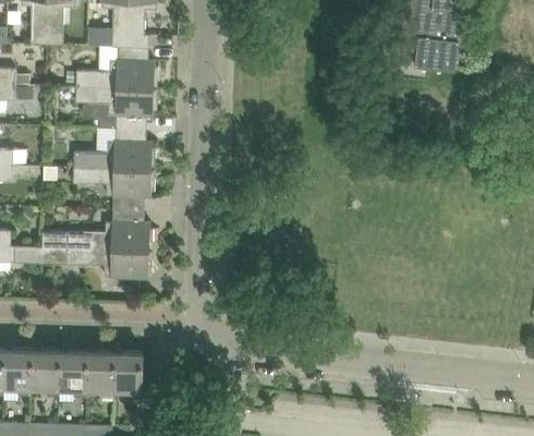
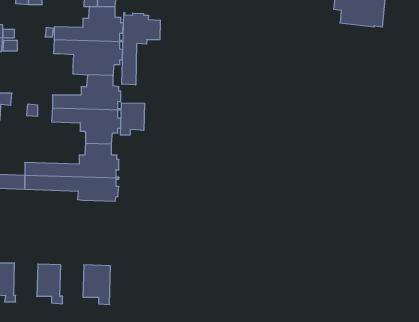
building: none -> [122,13,160,85]
building: none -> [120,103,145,135]
building: [27,350,58,397] -> none
building: [82,352,112,398] -> none

